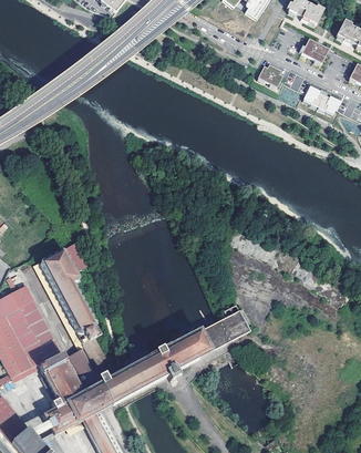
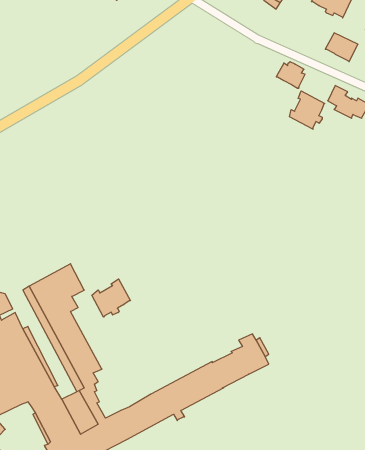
building: none -> [289,91,325,129]
building: none -> [92,279,130,317]

